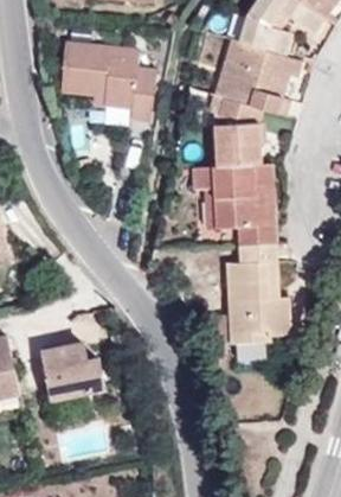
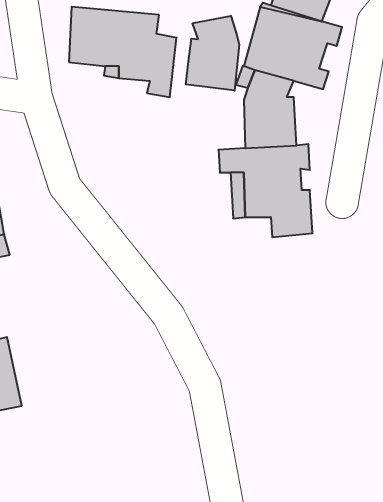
building: none -> [186,16,239,91]
building: [226,242,290,342] -> none
building: [43,340,107,400] -> none

